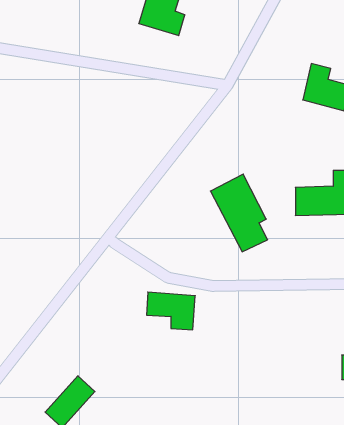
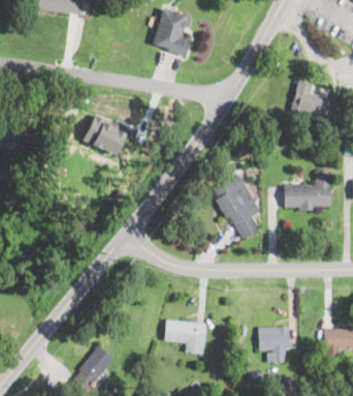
building: none -> [84,115,129,156]
building: [147,292,195,330] -> [165,321,206,353]
building: none -> [259,327,290,353]

